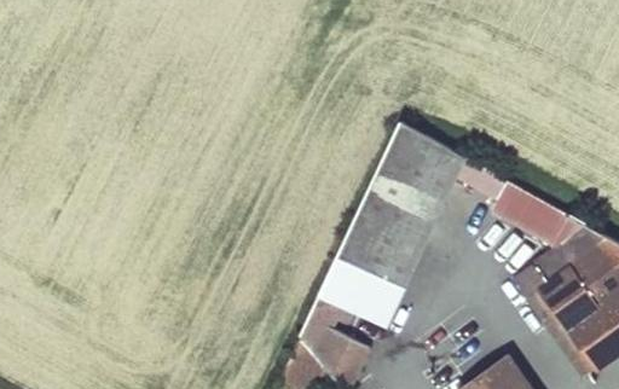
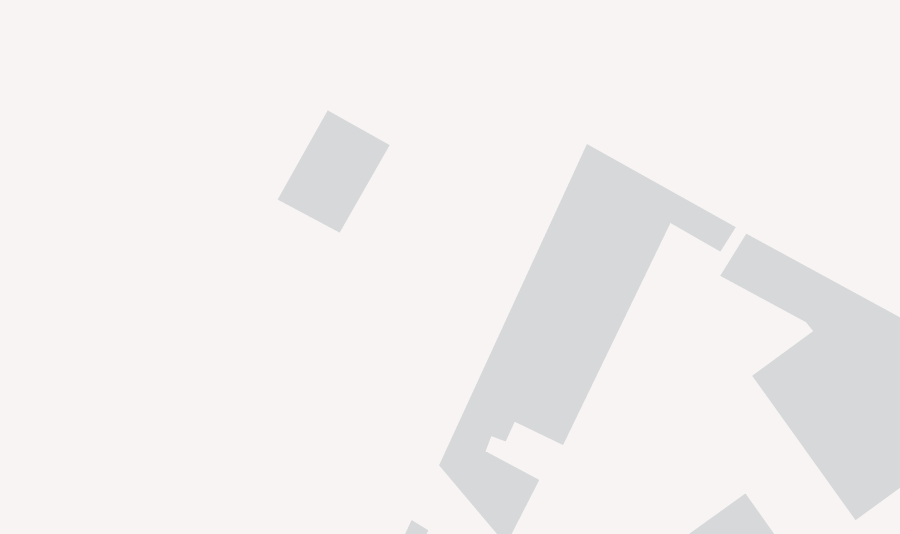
building: none -> [277,109,390,234]

